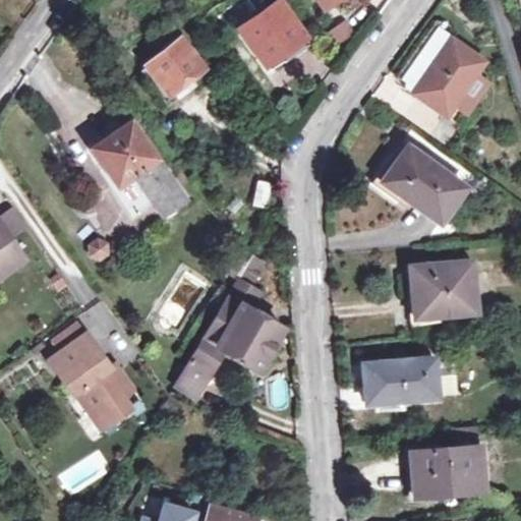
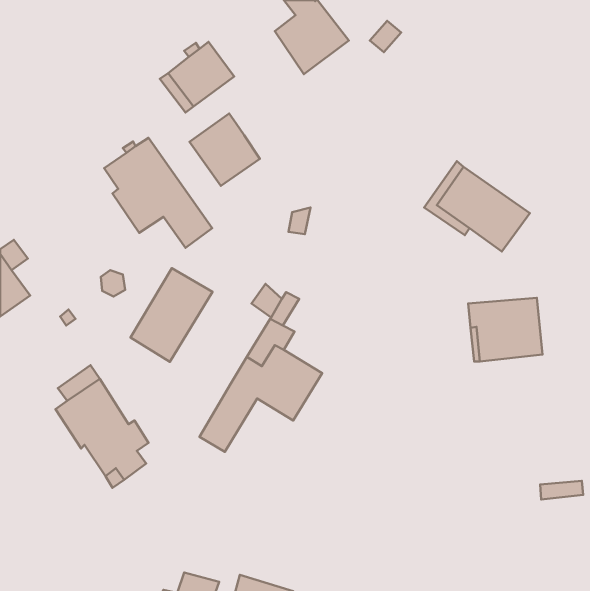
building: [402,25,491,115] -> none
building: none -> [190,113,260,186]
building: none -> [130,268,212,362]
building: [364,358,442,405] -> none
building: [412,447,486,499] -> none

